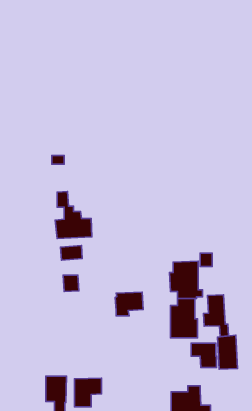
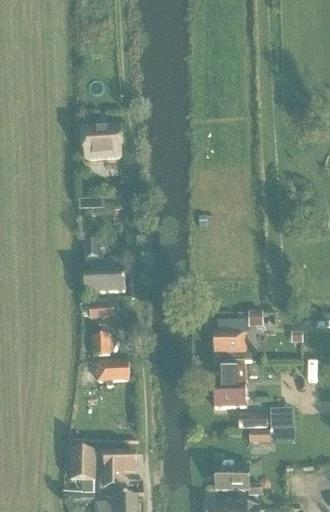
building: none -> [83,124,120,157]
building: [115,292,143,316] -> [97,358,129,385]
building: [204,295,228,336] -> none

